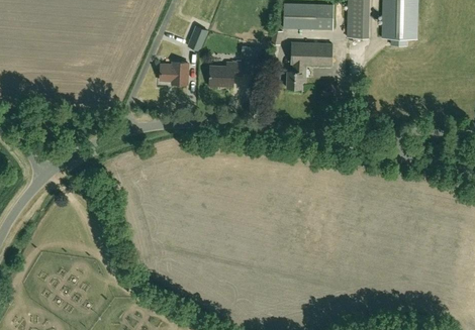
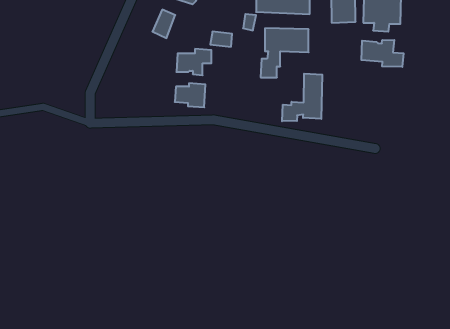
building: none -> [361,40,404,67]
building: [159,63,187,85] -> [175,83,205,107]
building: none -> [282,74,322,121]

